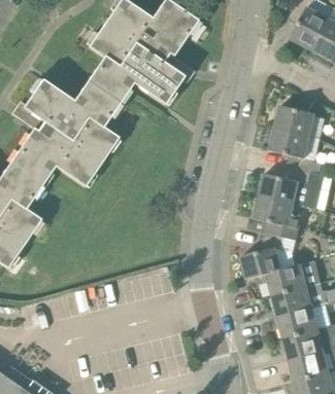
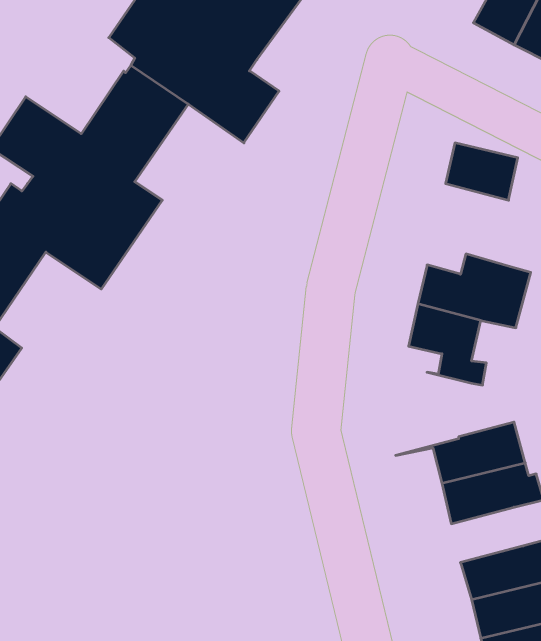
building: [270,128,314,174] -> none
building: [242,232,290,279] -> none
building: [278,308,319,338] -> none

